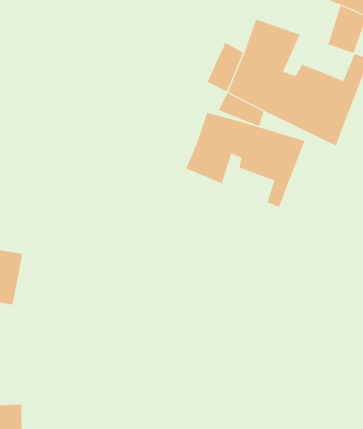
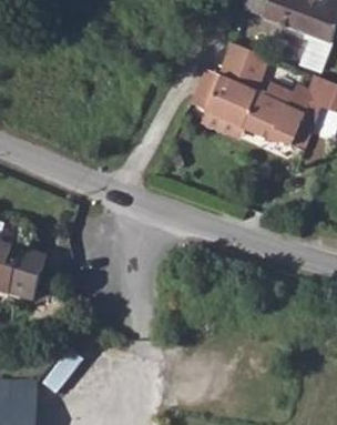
building: [185,112,305,208] -> none

